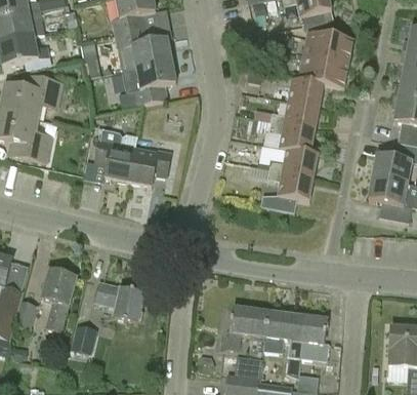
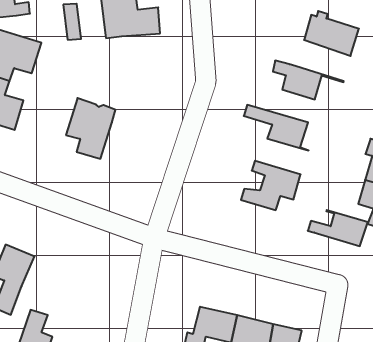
building: [298,53,347,87] -> none
building: [122,61,175,104] -> none
building: [253,101,319,128] -> none
building: [128,147,172,186] -> none
building: [263,147,318,176] -> [308,210,368,246]
building: [93,279,144,322] -> none

